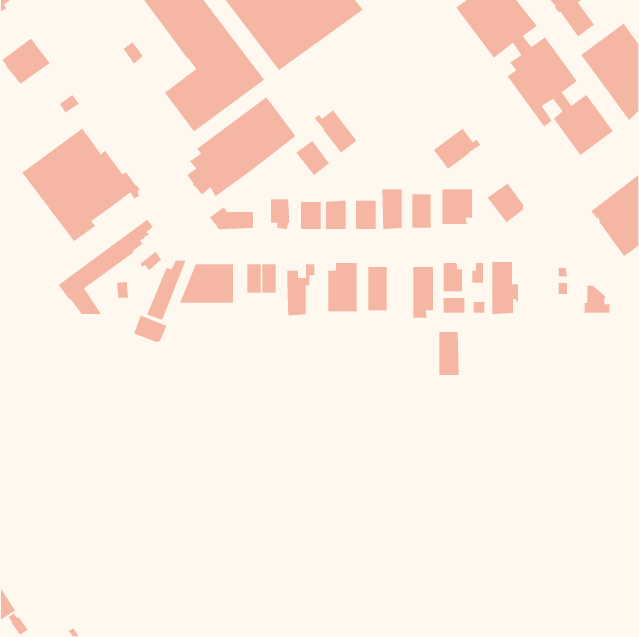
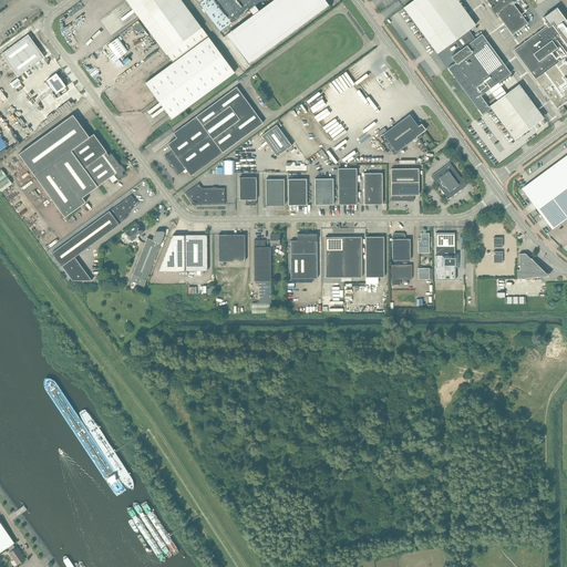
building: [313,109,358,154] -> none
building: [133,315,167,343] -> none
building: [438,331,460,376] -> [343,236,362,276]

